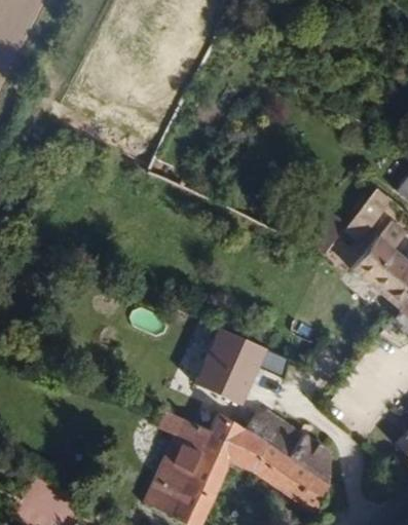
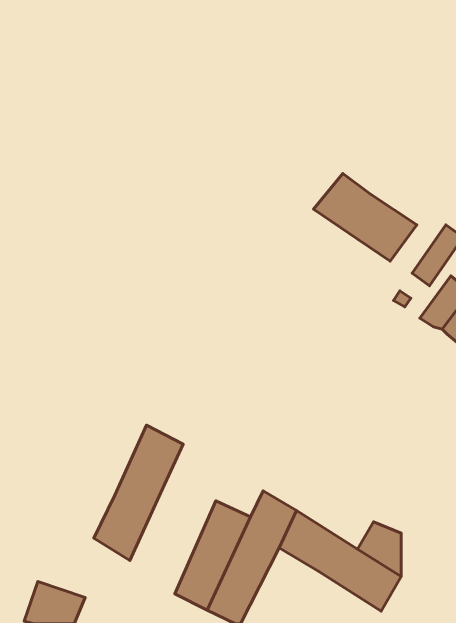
building: none -> [313,173,417,261]
building: [199,327,271,403] -> none
building: none -> [94,425,183,561]

